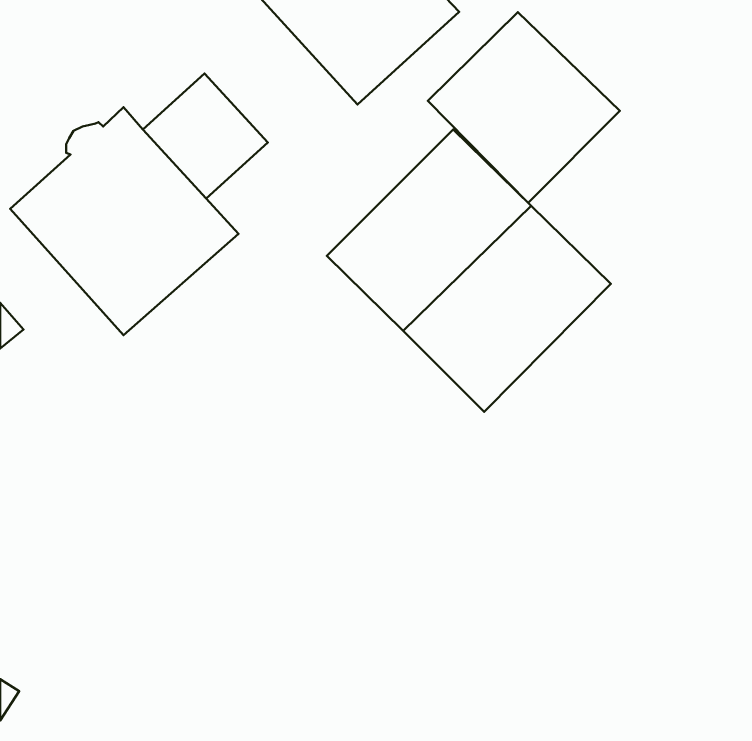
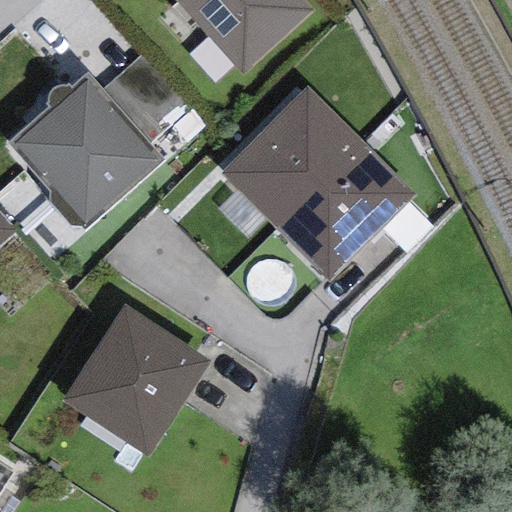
building: [428,12,620,203] -> none
building: none -> [62,305,209,456]

